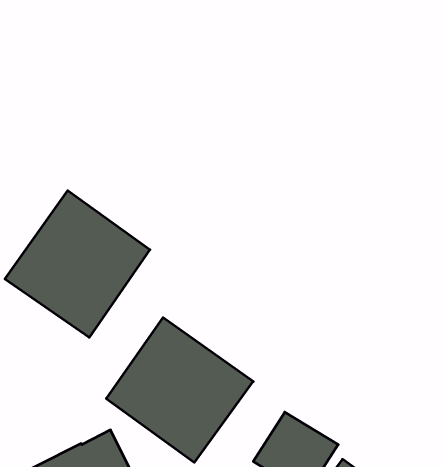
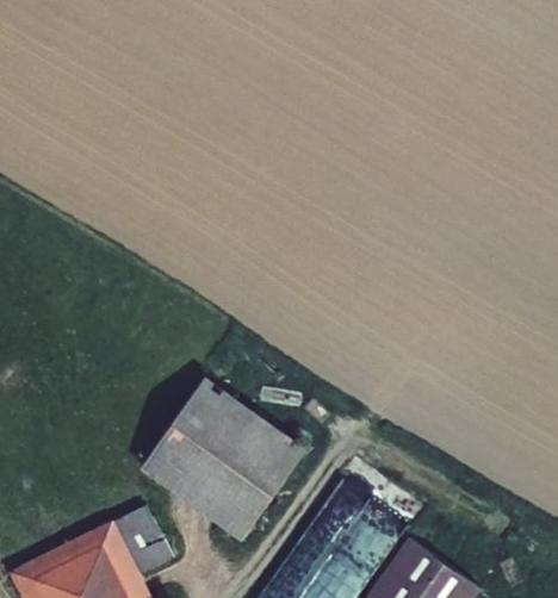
building: [5,191,150,337] -> none

